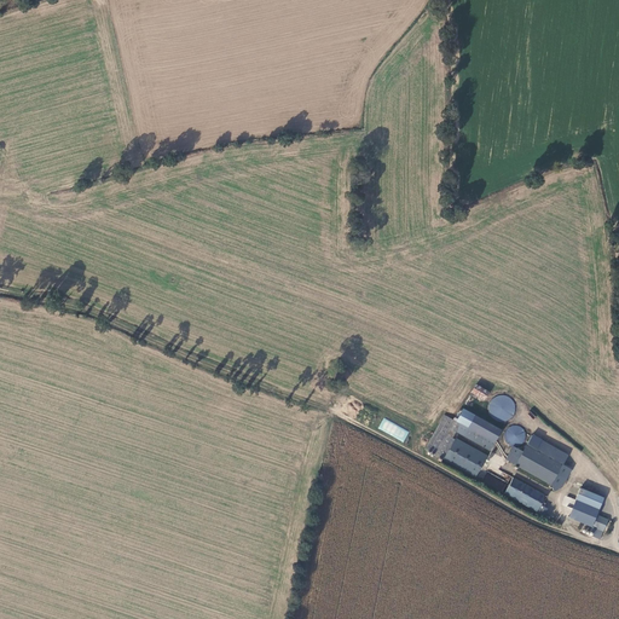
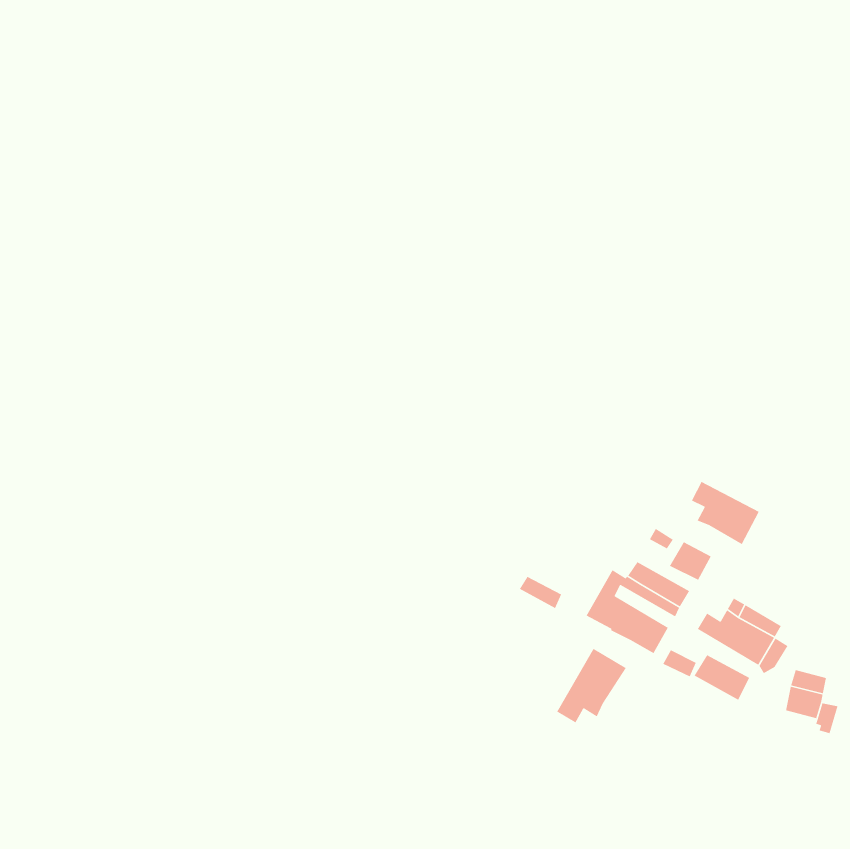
building: none -> [691,481,760,545]
building: none -> [556,648,627,723]

